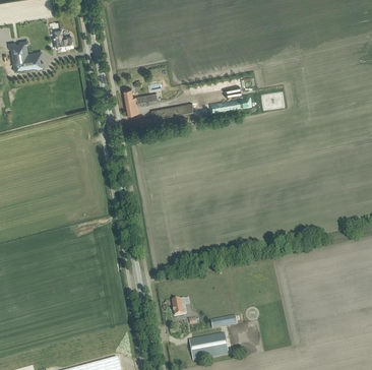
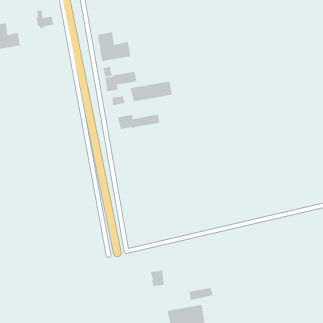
building: none -> [97,31,131,62]
building: none -> [117,114,160,130]

